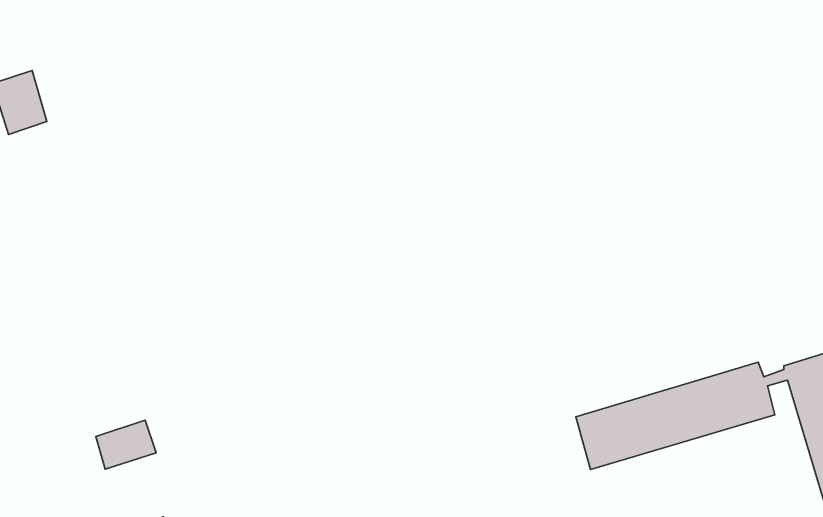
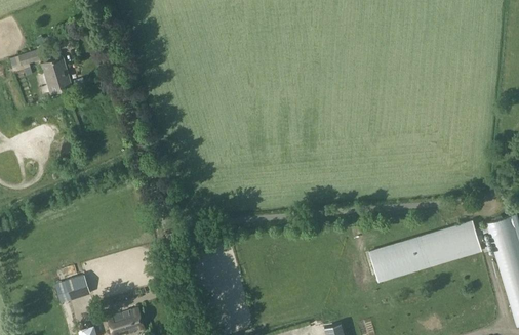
building: [96,420,156,469] -> [56,275,90,302]

